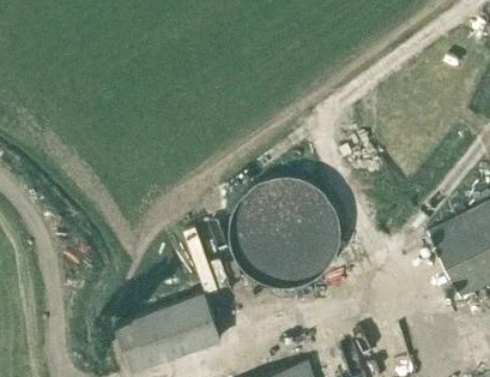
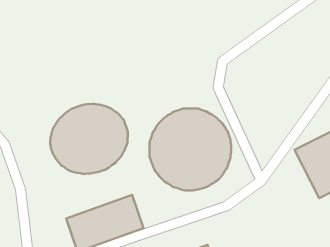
building: none -> [50,104,128,174]

